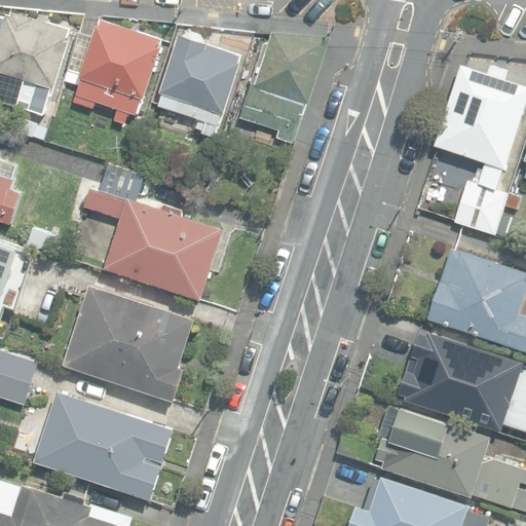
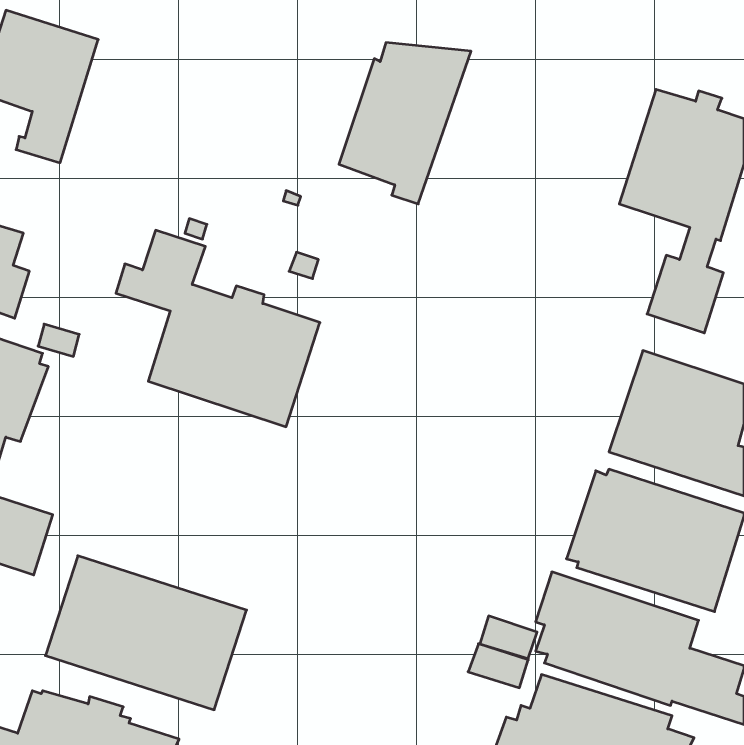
building: [62,21,160,116] -> none
building: [156,32,240,139] -> none
building: [62,285,194,402] -> none

